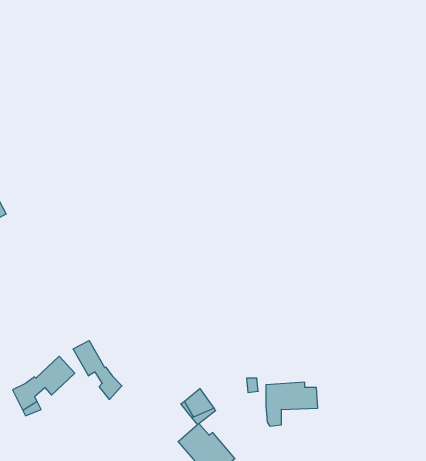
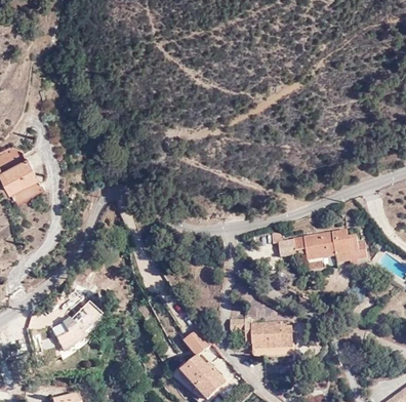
building: none -> [276,231,366,260]
building: [73,341,122,399] -> none

